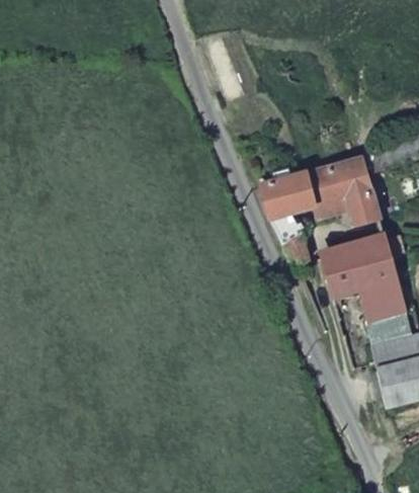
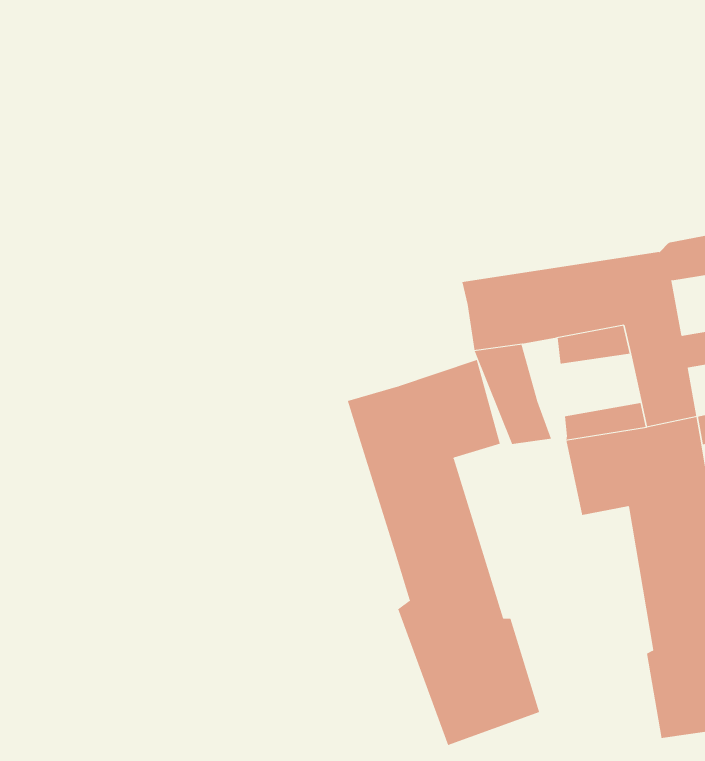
building: none -> [347,359,540,746]

